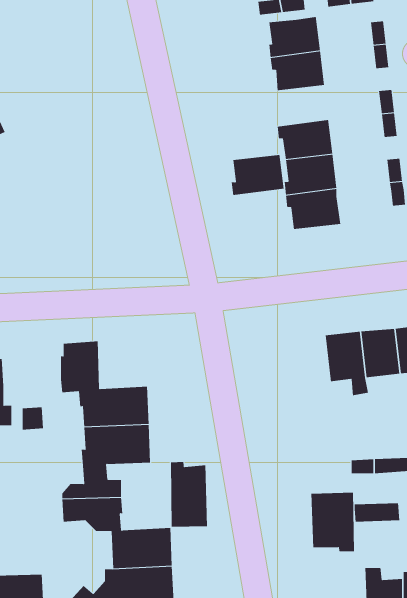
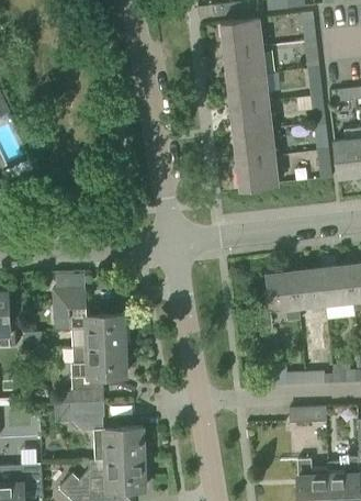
building: [231,154,284,196] -> [226,74,269,107]
building: [171,461,208,528] -> none
building: [311,492,354,552] -> none

